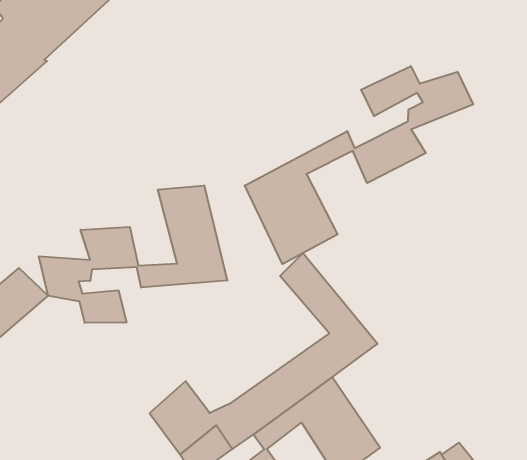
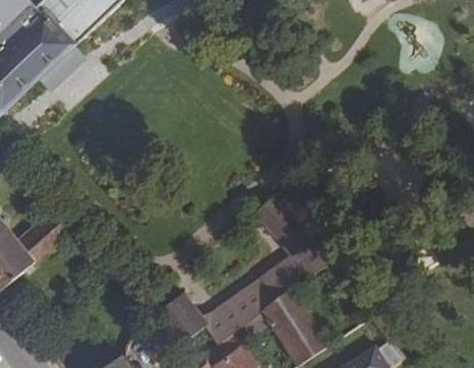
building: [245,66,473,264] -> none
building: [39,185,227,323] -> none

